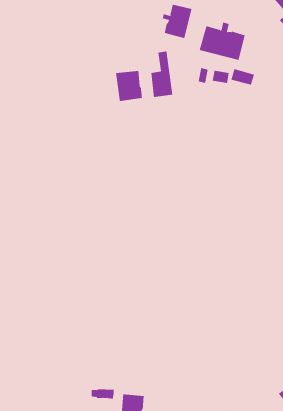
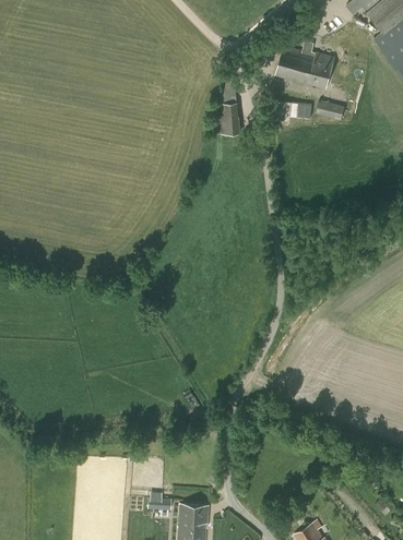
building: [162,4,192,39] -> none
building: [116,70,142,102] -> none

